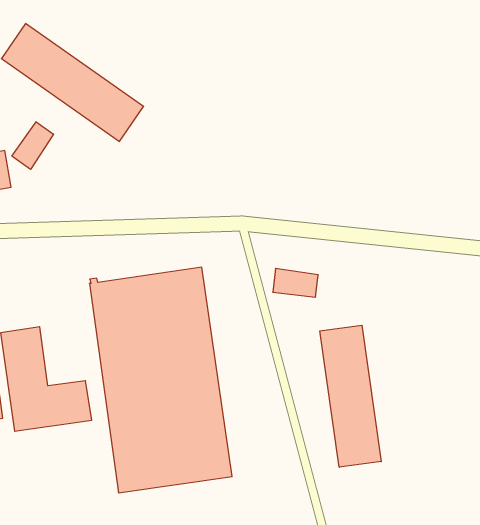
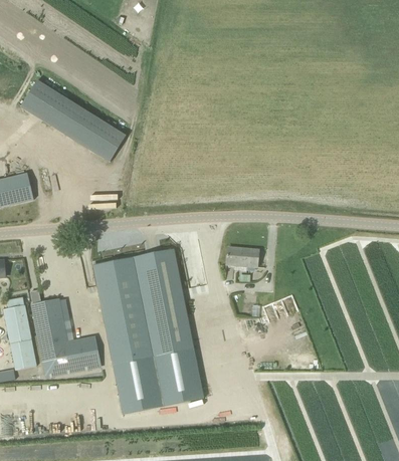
building: [12,122,54,169] -> none
building: [320,325,381,467] -> none

